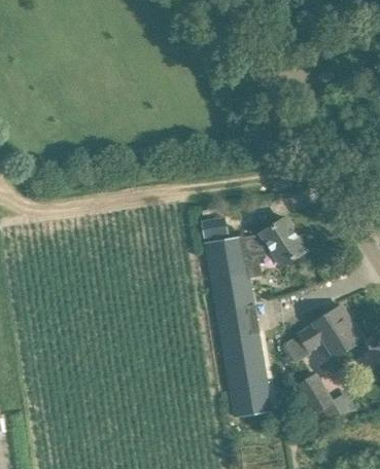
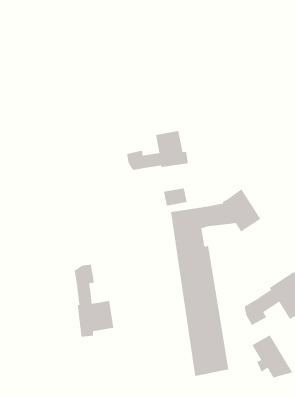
building: none -> [126,129,188,171]
building: none -> [74,264,114,338]

